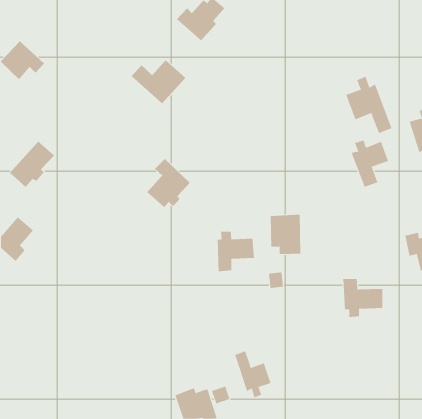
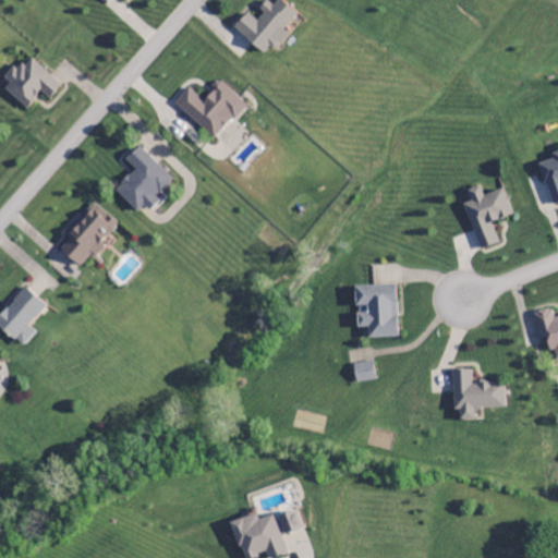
building: [346,76,392,134] -> none
building: [9,141,55,188] -> [58,203,118,265]
building: [147,158,191,208] -> [114,144,172,209]
building: [217,231,254,272] -> none
building: [234,351,271,398] -> none

